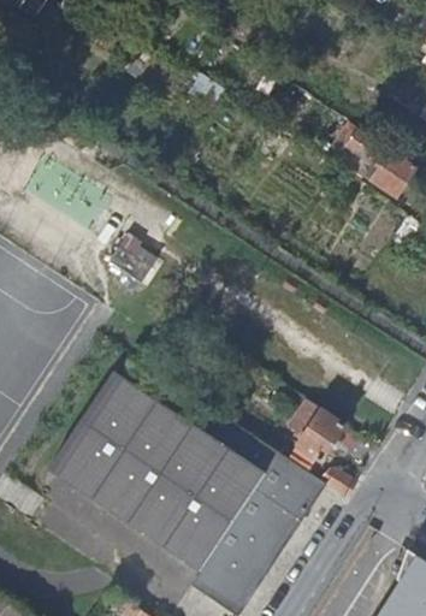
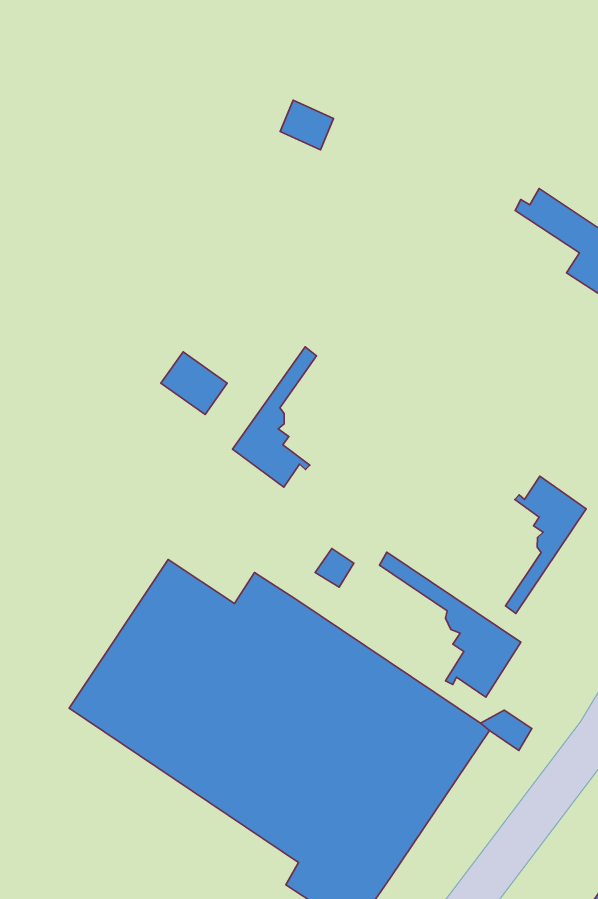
building: none -> [233,347,316,487]
building: none -> [506,476,586,614]

